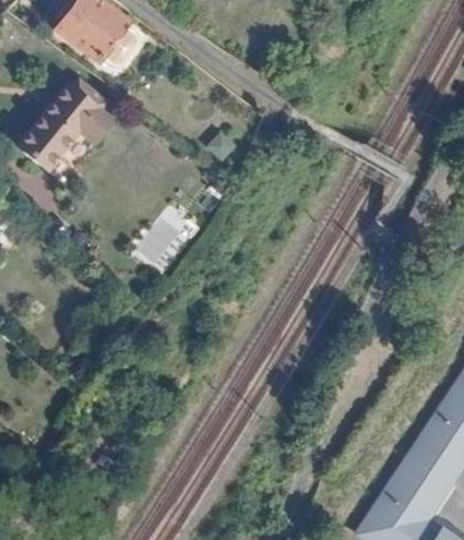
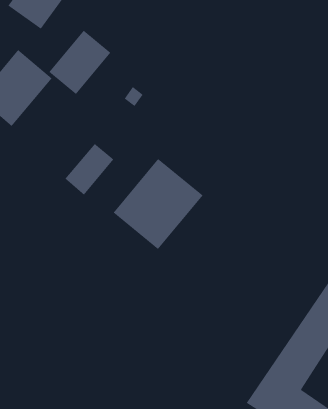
building: none -> [48,30,111,95]
building: none -> [113,158,203,250]

